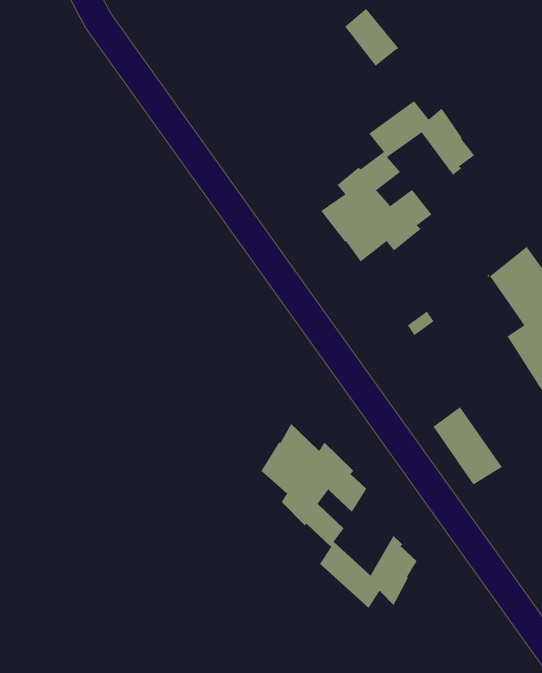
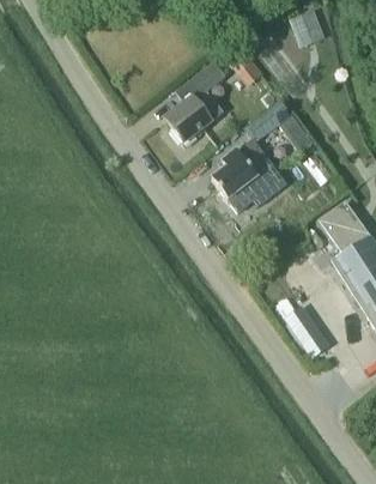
building: none -> [164,60,226,143]
building: [261,423,418,609] -> none

